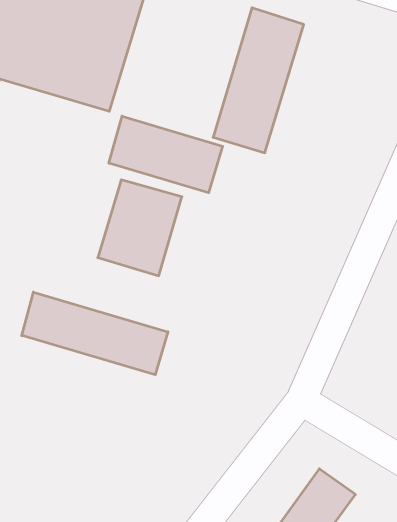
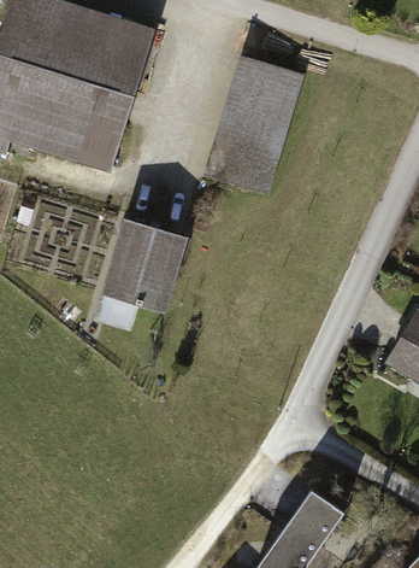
building: [109,116,223,193] -> none
building: [22,292,168,375] -> none

